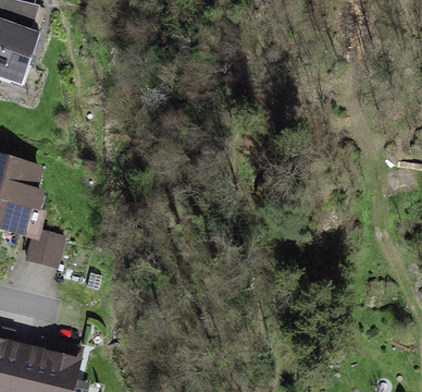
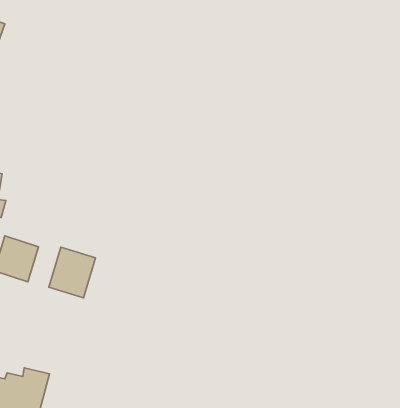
building: none -> [49,247,96,298]

